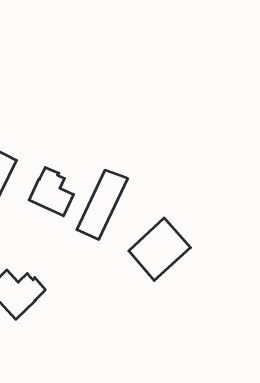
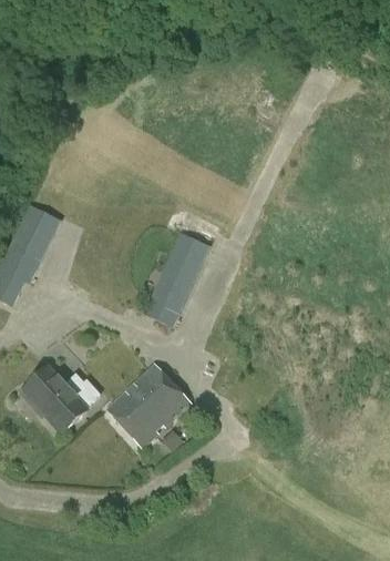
building: [29,167,74,216] -> none
building: [129,218,191,281] -> [106,363,189,447]

